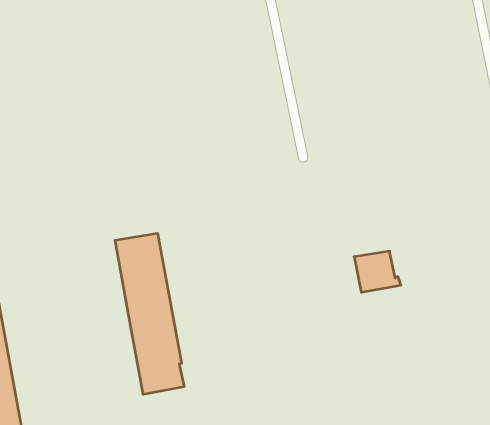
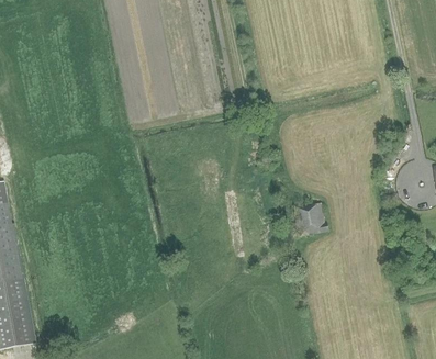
building: [115,233,184,394] -> none

